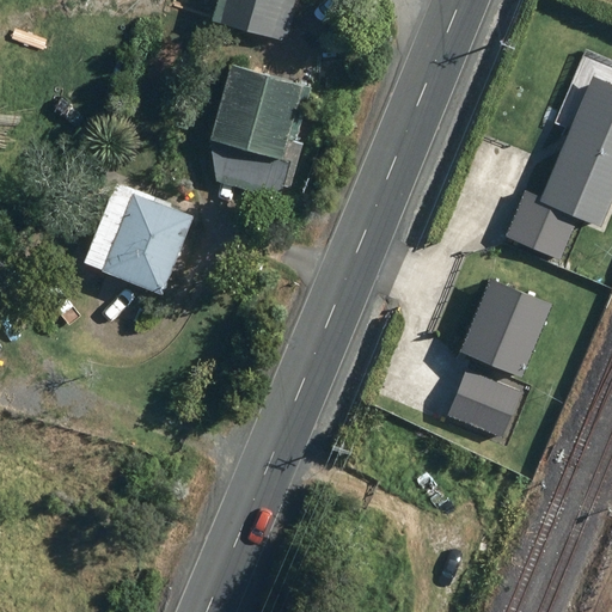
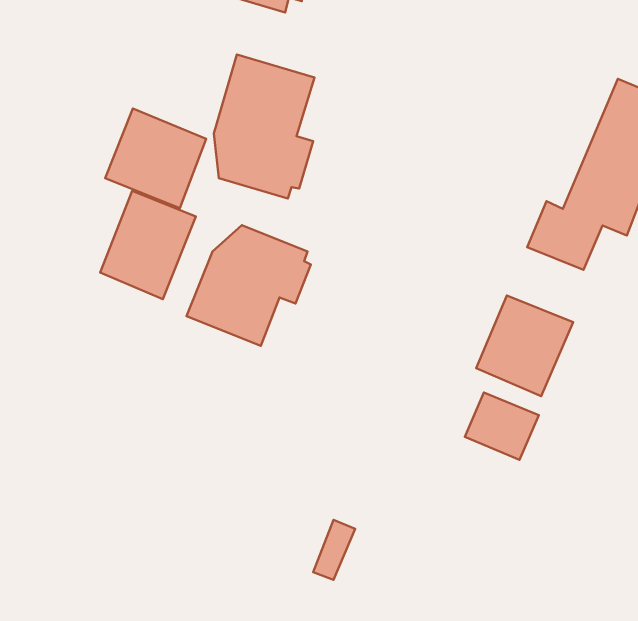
building: none -> [105,109,206,208]
building: none -> [186,225,311,346]

